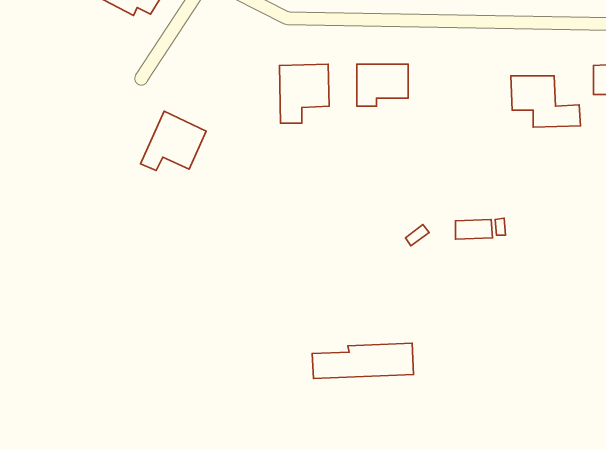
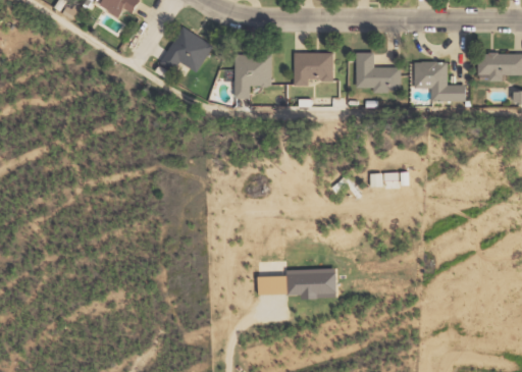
building: none -> [356,53,401,94]
building: [140,111,206,170] -> [161,28,212,73]

